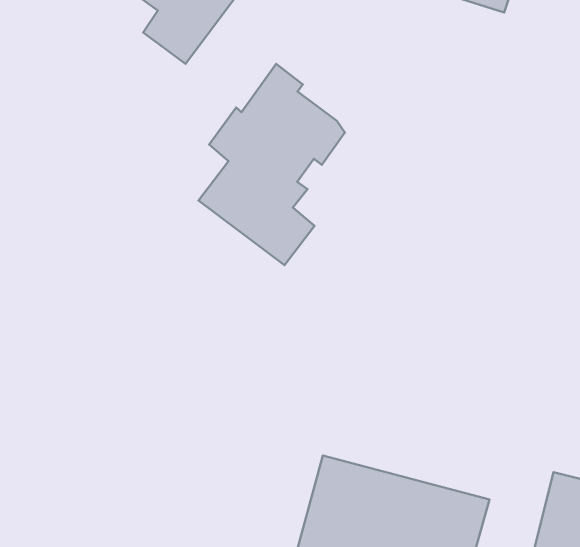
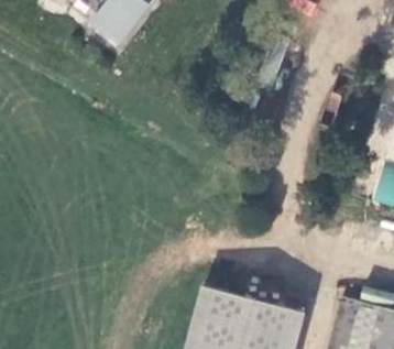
building: [198,64,345,265] -> none

